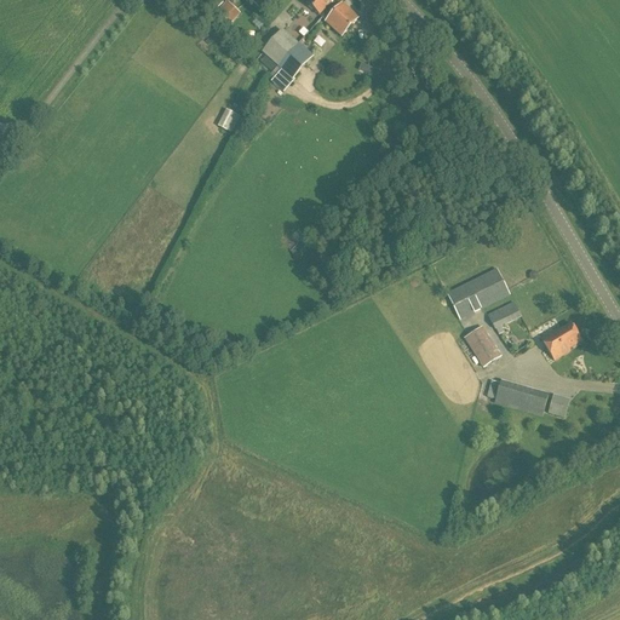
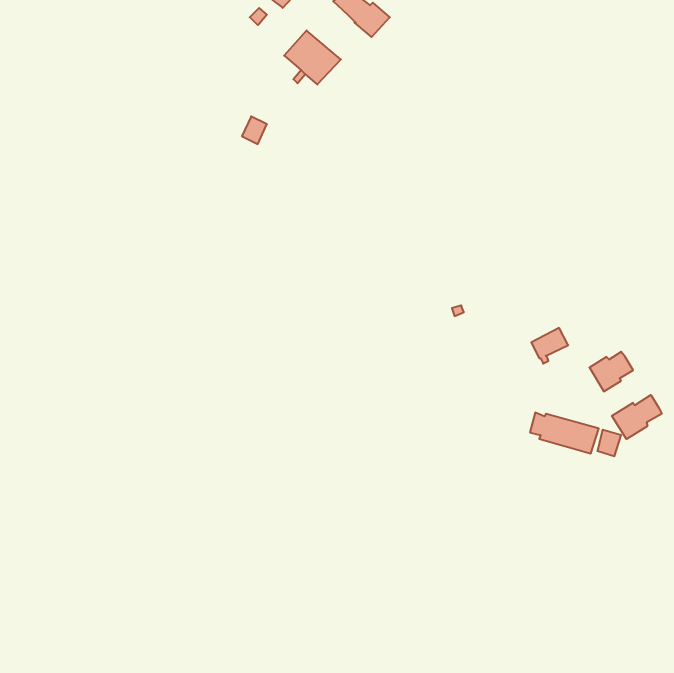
building: [446,266,510,318] -> none
building: [463,325,500,367] -> none
building: none -> [612,395,662,439]

